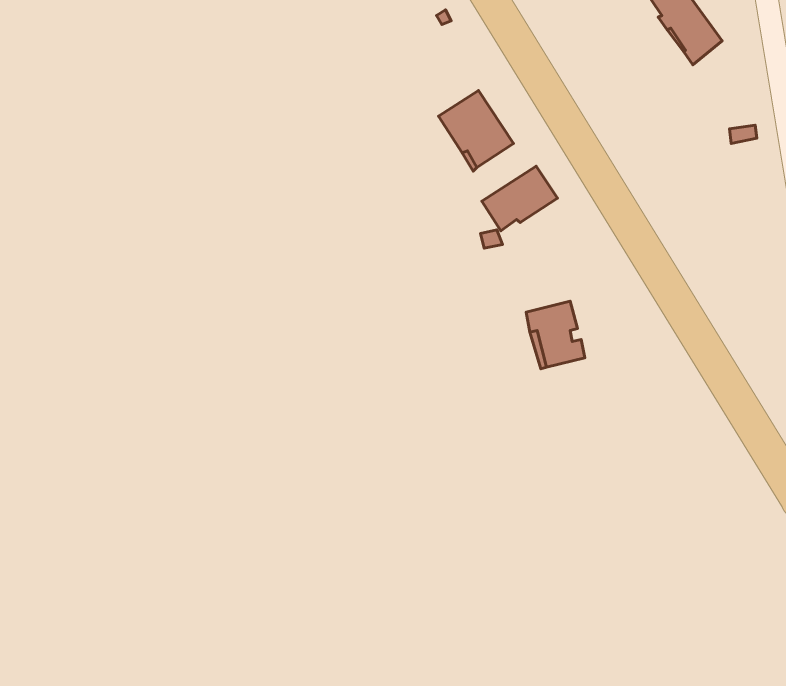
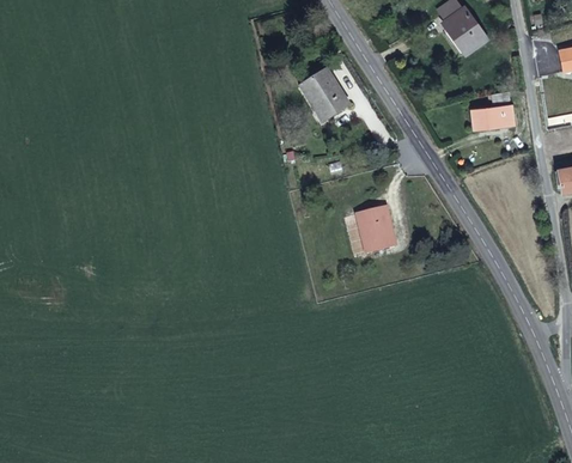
building: none -> [471,104,513,124]
building: [482,166,558,231] -> none

